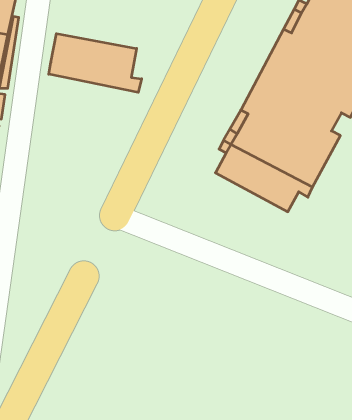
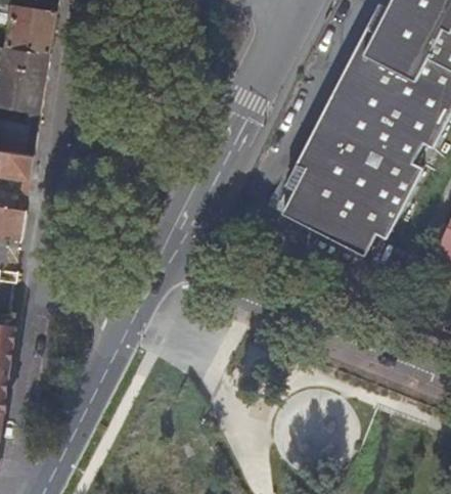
building: [49,34,142,92] -> none

